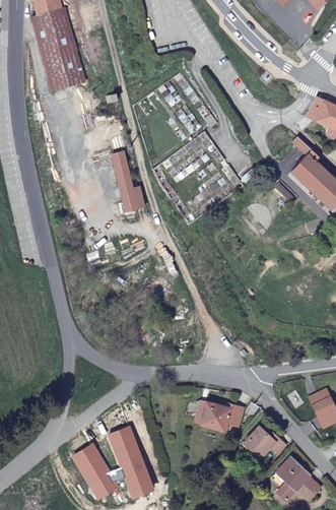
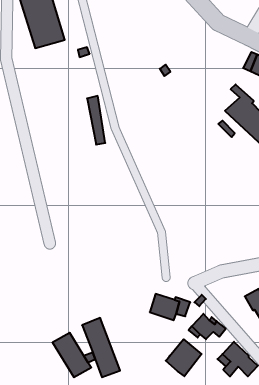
building: none -> [166,339,202,376]

